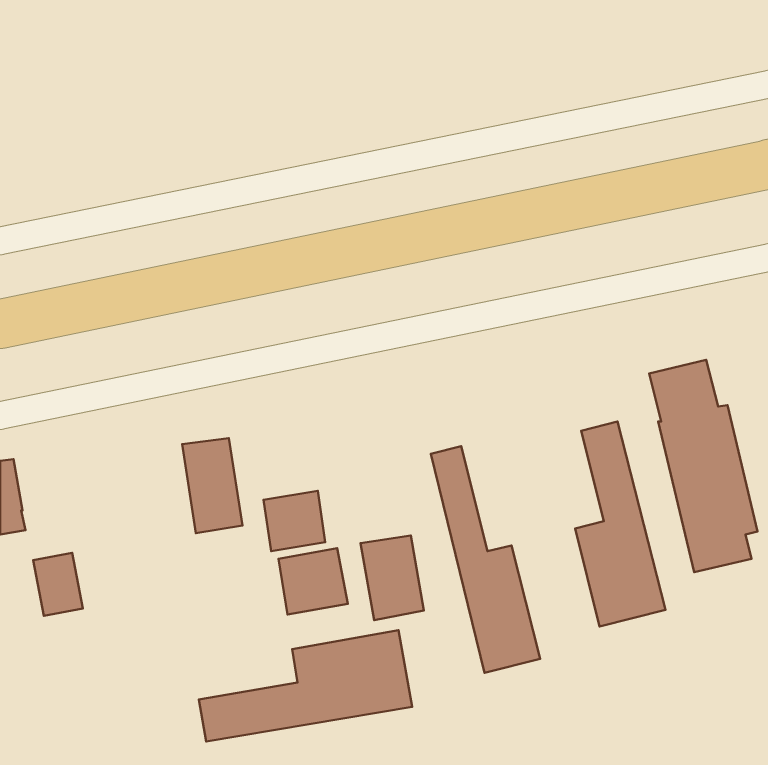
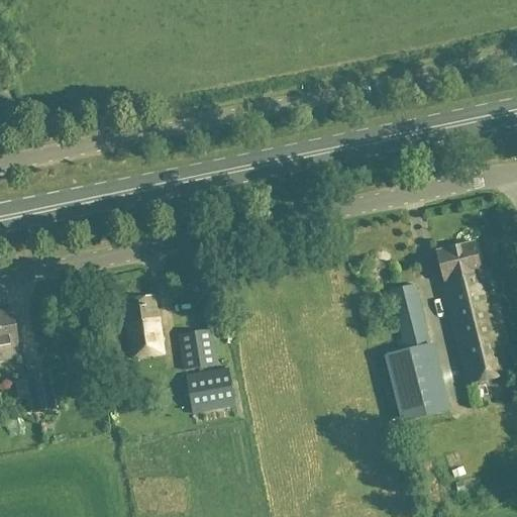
building: [431,446,540,673] -> none
building: [361,535,424,620] -> none
building: [199,630,412,741] -> none

